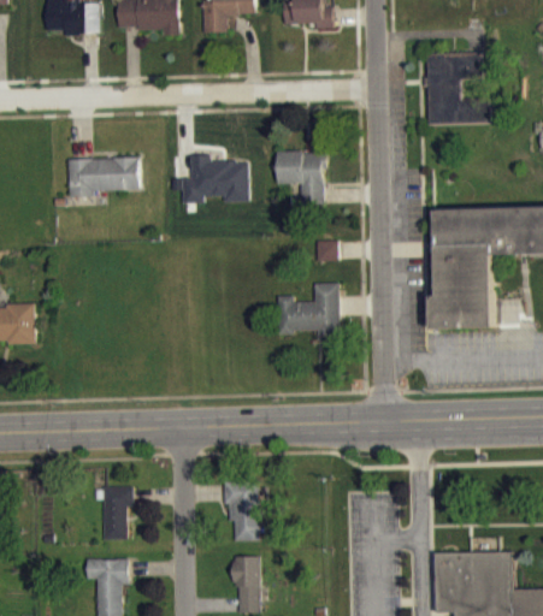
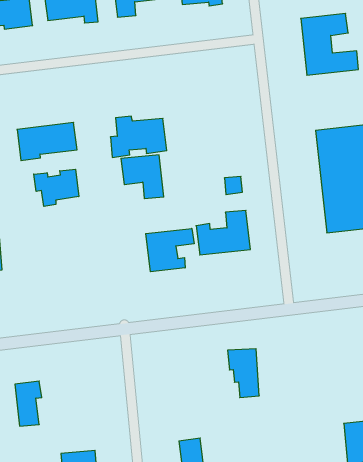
building: [277,153,325,205] -> [121,155,164,199]
building: none -> [34,169,79,206]
building: none -> [146,228,194,272]
building: [224,482,259,541] -> [228,349,259,398]
building: [102,487,134,540] -> [15,381,42,426]

